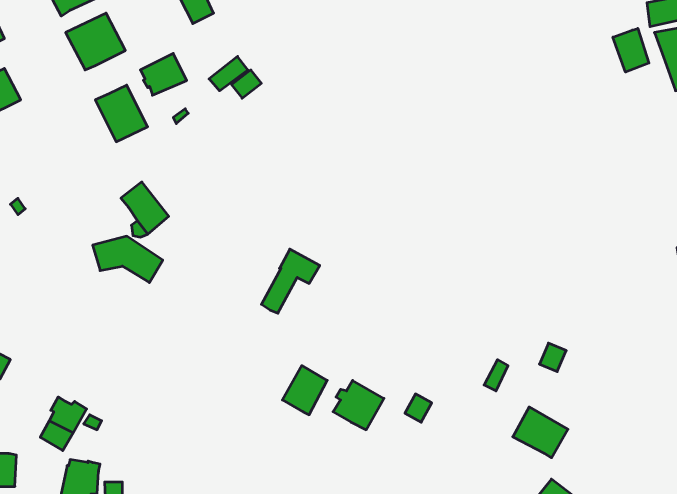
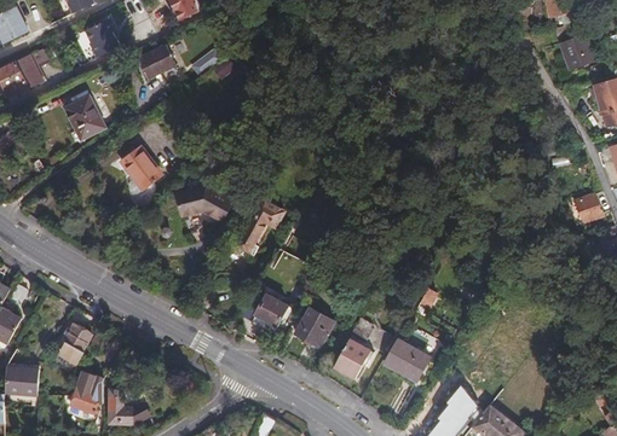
building: [613,28,649,72] -> none
building: [95,85,148,142] -> [63,94,105,140]
building: [93,236,163,283] -> [175,185,232,222]
building: [513,407,568,458] -> [384,339,428,380]
building: none -> [333,338,370,379]

